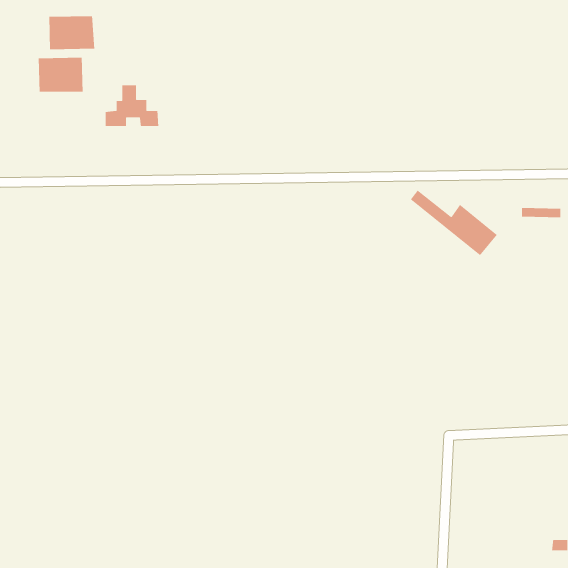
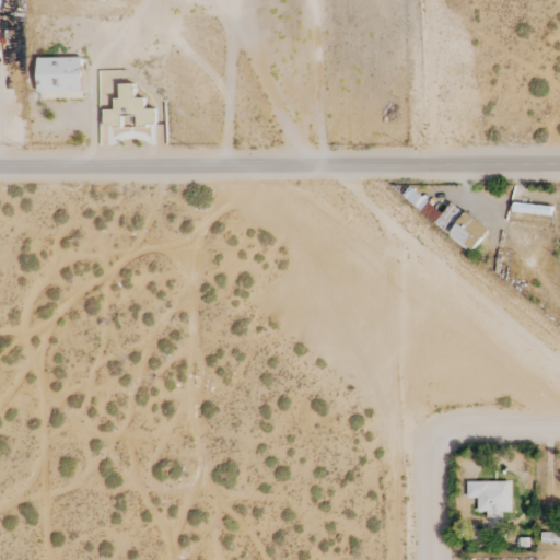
building: [48,15,95,50] -> none
building: none -> [467,480,510,517]

